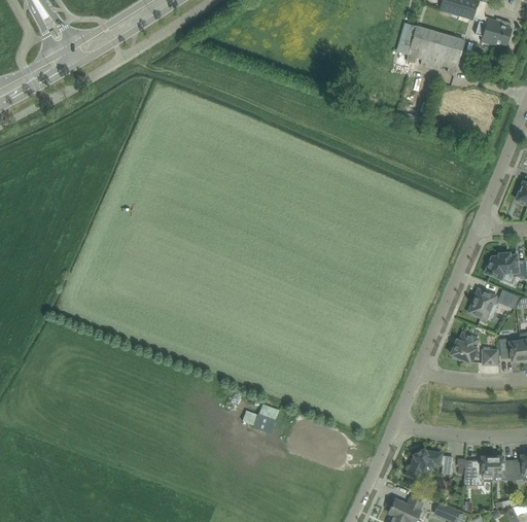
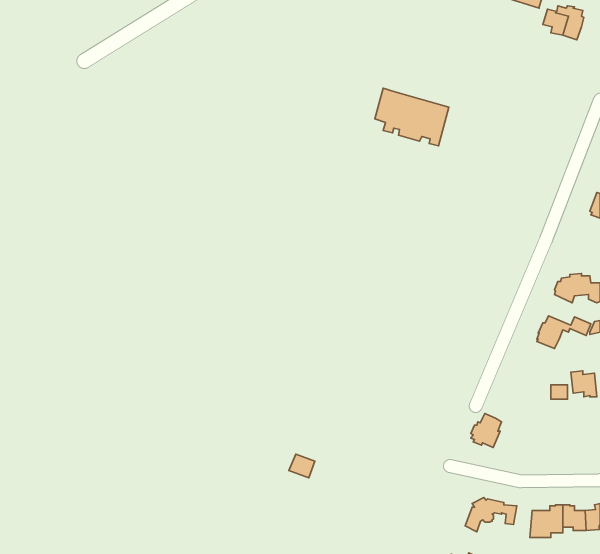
building: [399,23,464,73] -> [375,88,449,146]
building: [451,332,478,361] -> [471,414,501,448]

